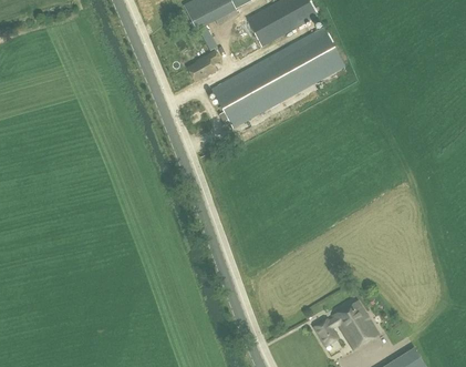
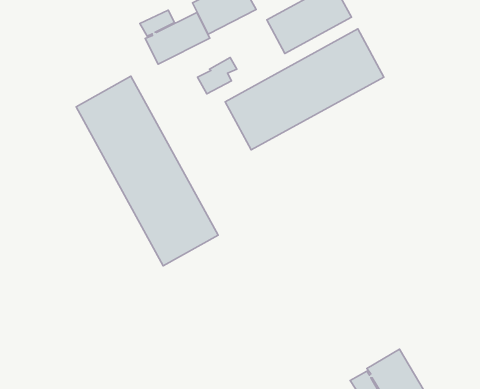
building: none -> [140,10,210,64]
building: none -> [76,76,218,266]

